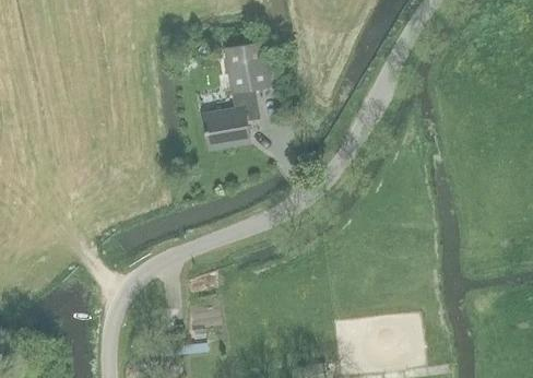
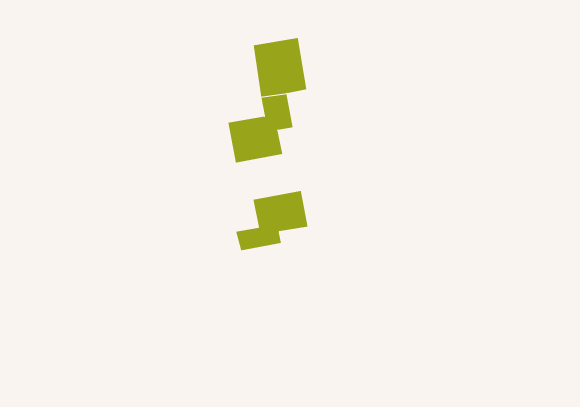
building: none -> [236,190,308,251]

